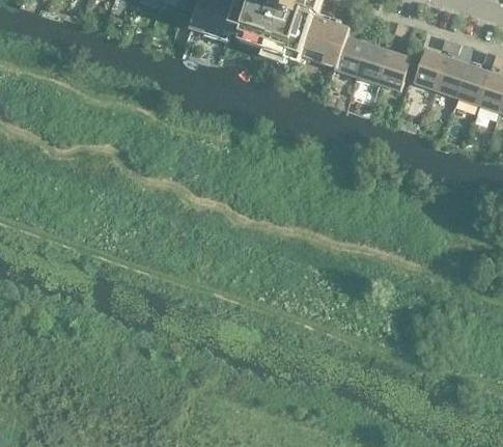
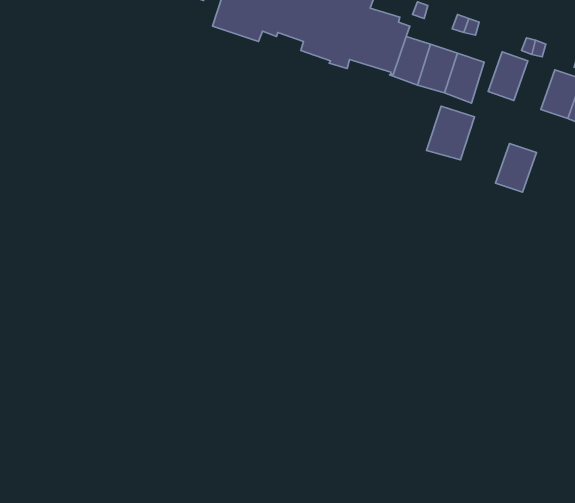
building: [432,56,466,95] -> [495,144,537,192]
building: none -> [426,106,474,160]

